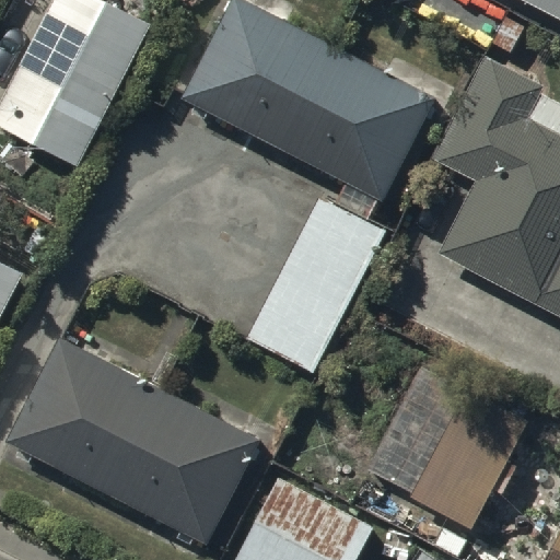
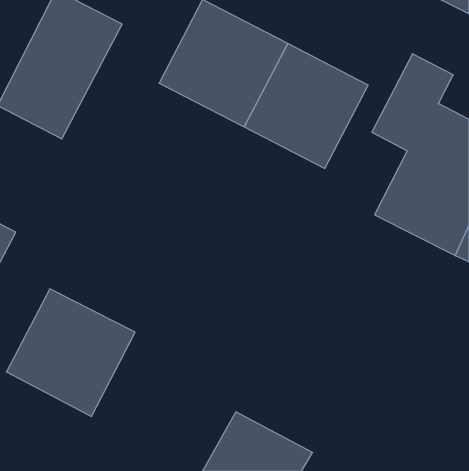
building: [249,201,381,365] -> none
building: [368,370,522,525] -> none
building: [108,393,255,541] -> none

